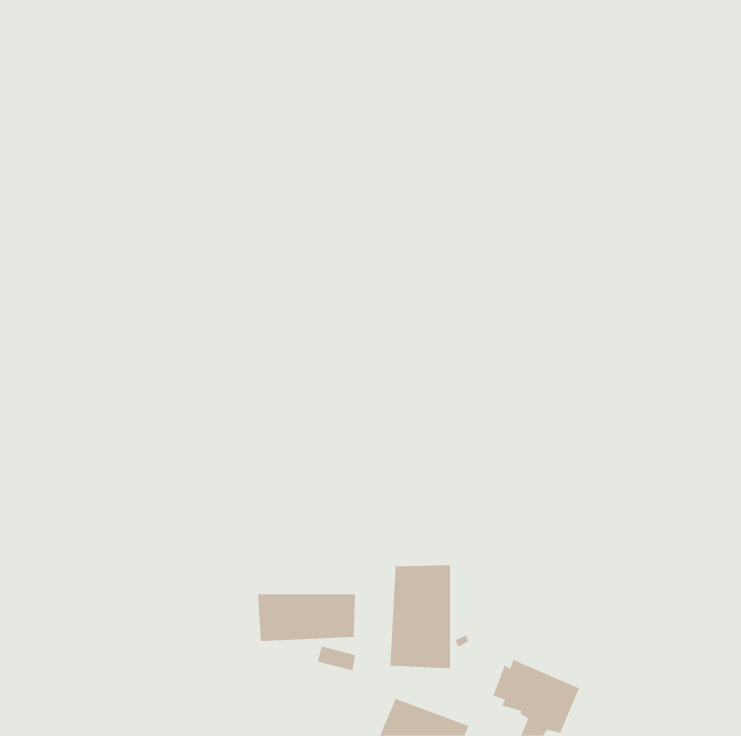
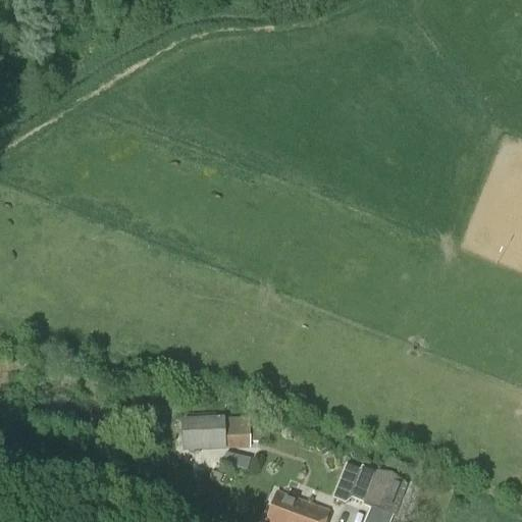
building: [390,564,451,669] -> none

